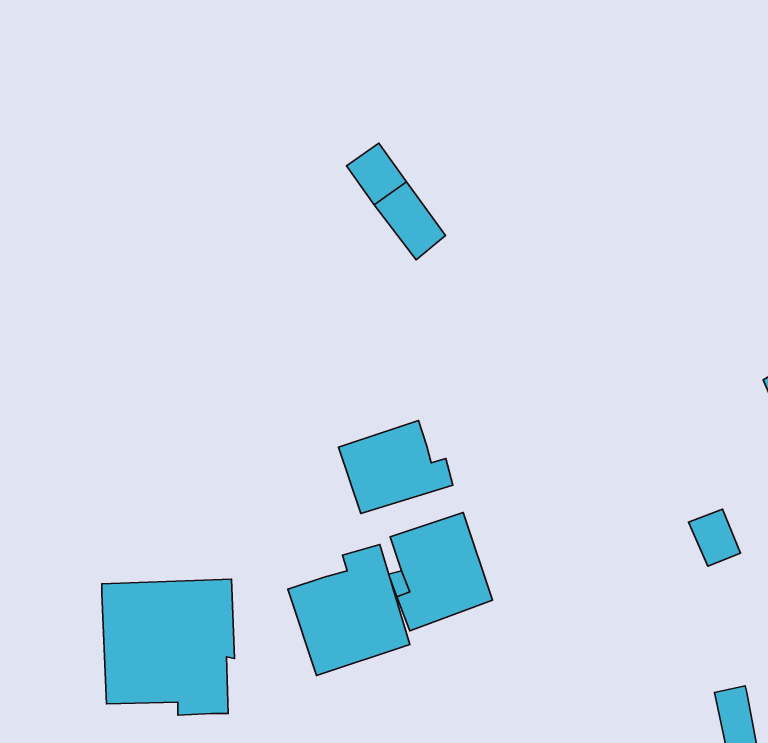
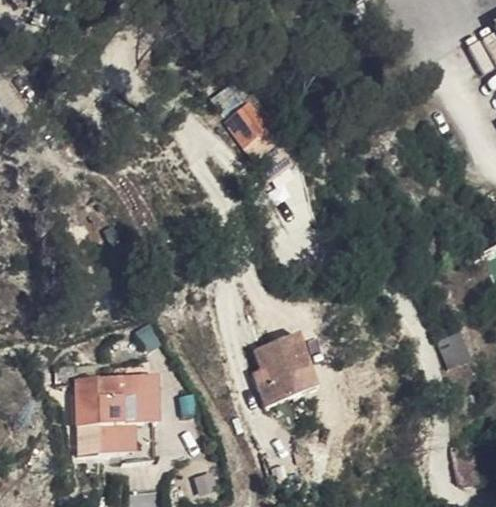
building: [339,420,453,513] -> none
building: [288,545,410,676] -> none

